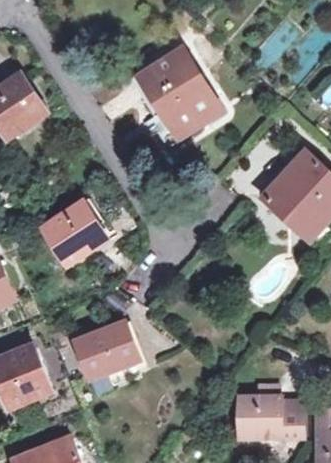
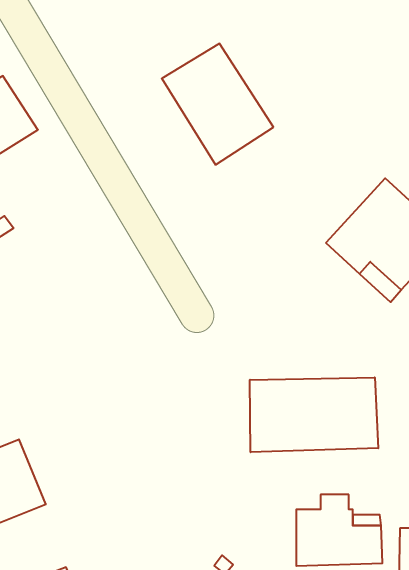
building: [42,202,104,265] -> none
building: none -> [250,377,378,452]
building: [76,321,140,379] -> none

